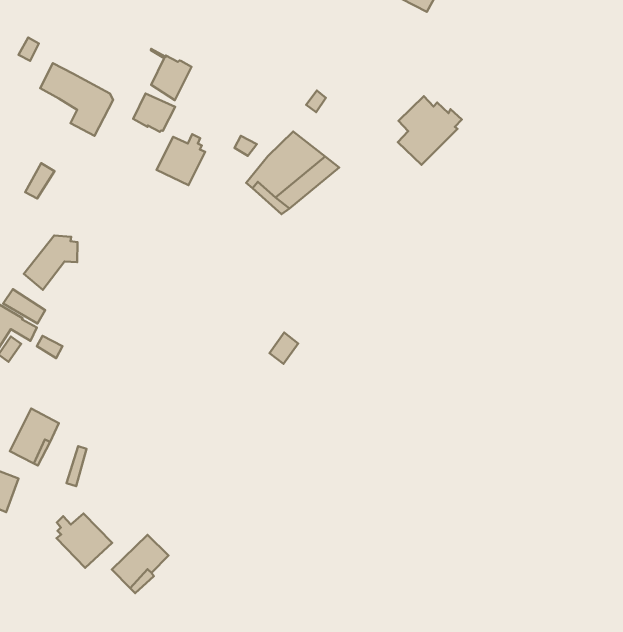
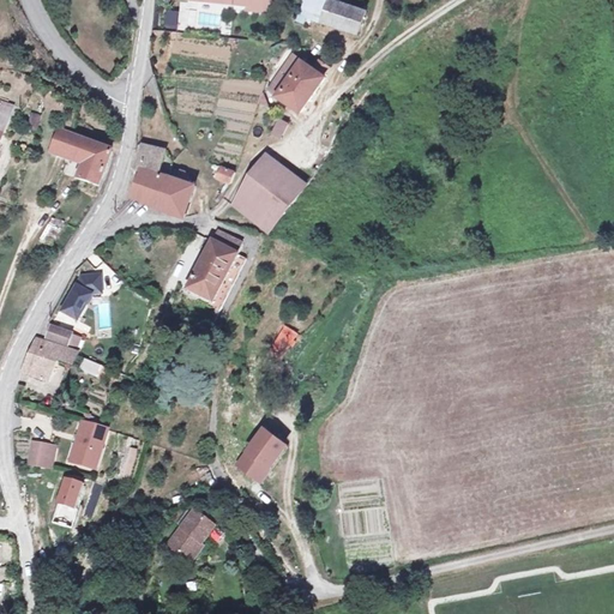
building: [151,49,191,100] -> [128,164,164,204]
building: [398,96,462,165] -> [278,56,331,114]
building: none -> [187,231,243,302]
building: none -> [234,425,287,481]
building: [56,513,112,568] -> none

